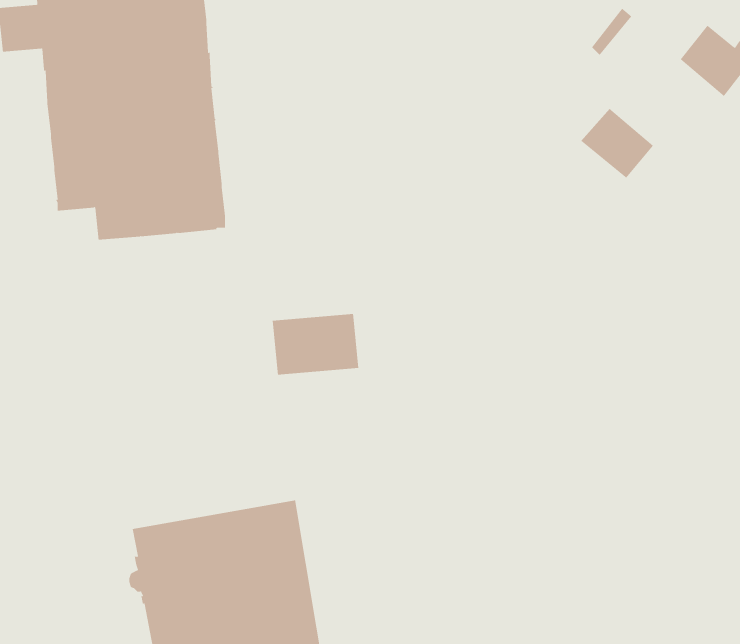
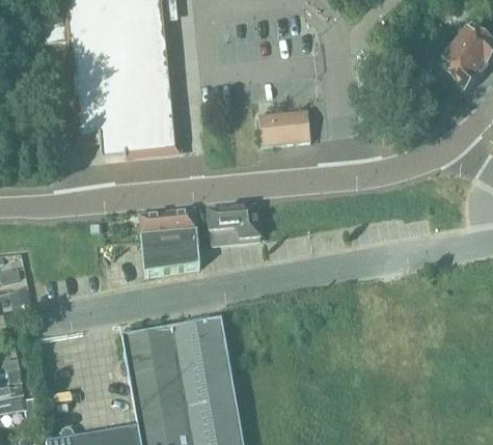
building: [580,108,654,178] -> [437,49,482,91]
building: none -> [257,109,310,144]
building: none -> [138,207,199,274]

